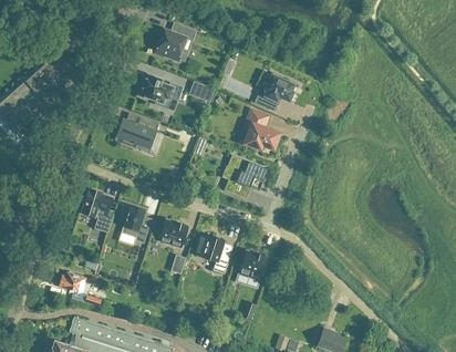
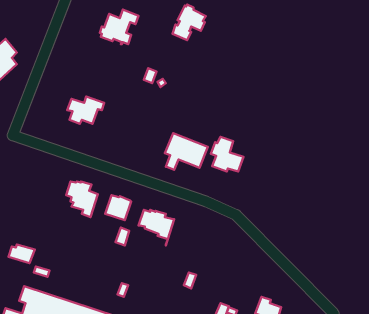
building: [258,72,293,110] -> [172,5,206,40]
building: [142,75,176,107] -> none
building: [243,111,278,147] -> [211,137,243,171]
building: [81,188,111,231] -> none
building: [238,250,265,278] -> none

